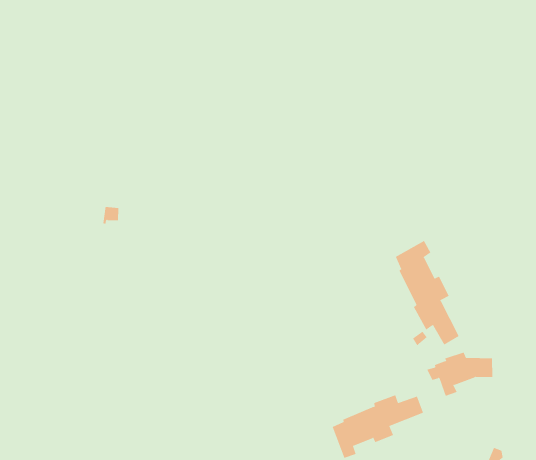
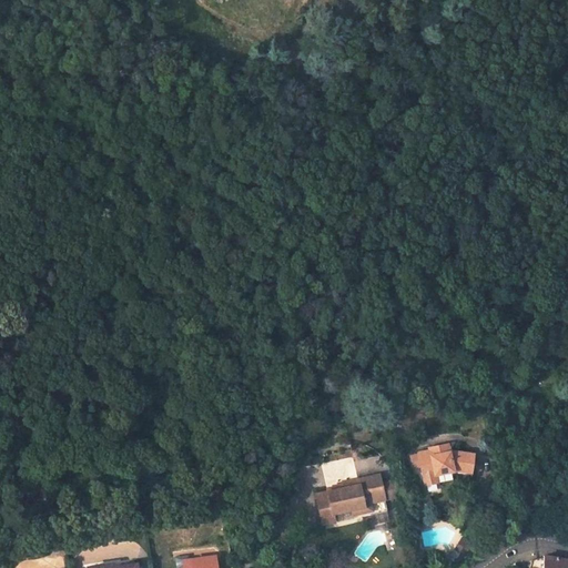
building: [395,240,460,346] -> none

